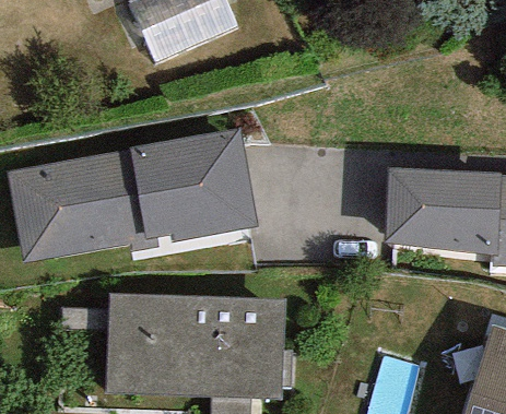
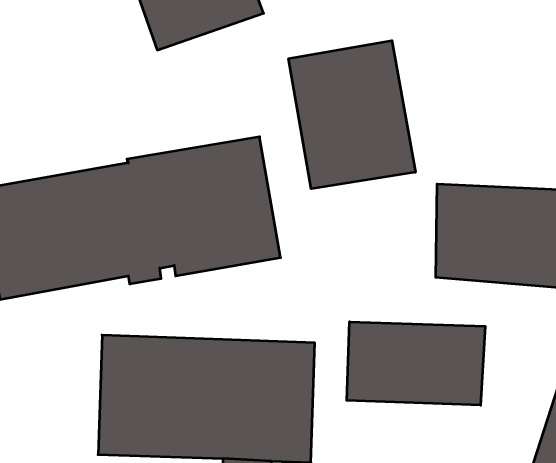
building: none -> [289,41,415,189]
building: none -> [347,322,485,405]

